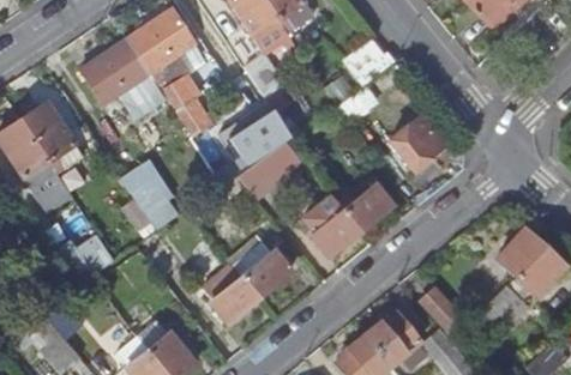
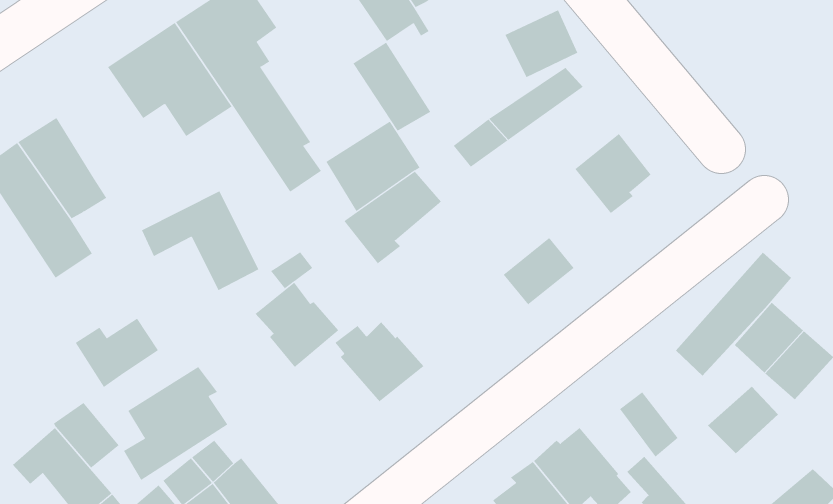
building: none -> [675,252,792,376]
building: [306,196,361,255] -> none
building: [205,262,262,320] -> [255,282,339,368]
building: none -> [123,366,228,481]

